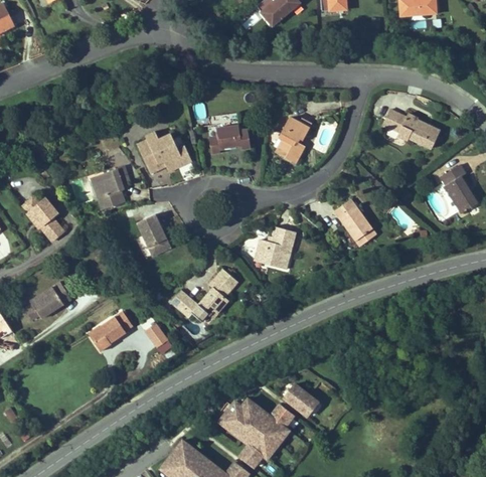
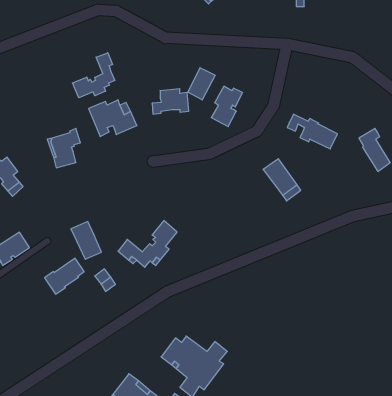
building: none -> [72,53,115,98]
building: none -> [188,68,215,100]
building: [383,109,440,148] -> [287,114,337,149]
building: [137,214,171,257] -> [71,222,101,259]
building: [257,227,296,267] -> none
building: [284,383,318,416] -> none

